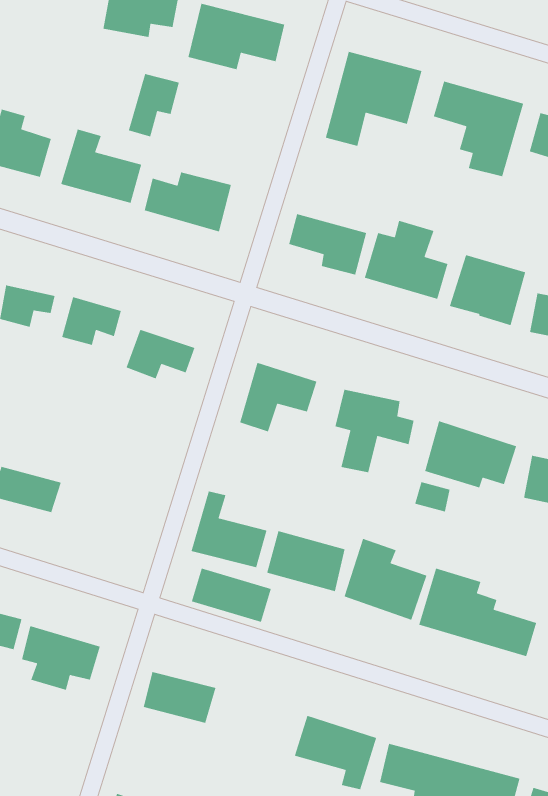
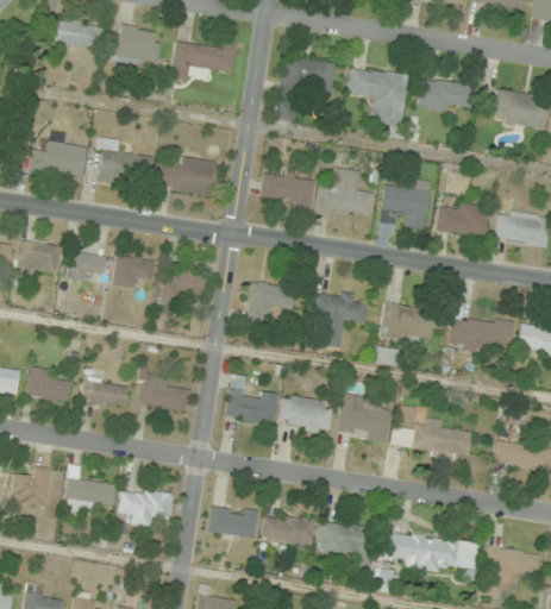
building: [128,73,180,137] -> none
building: none -> [139,371,189,410]
building: [191,567,272,623] -> [262,513,317,545]

